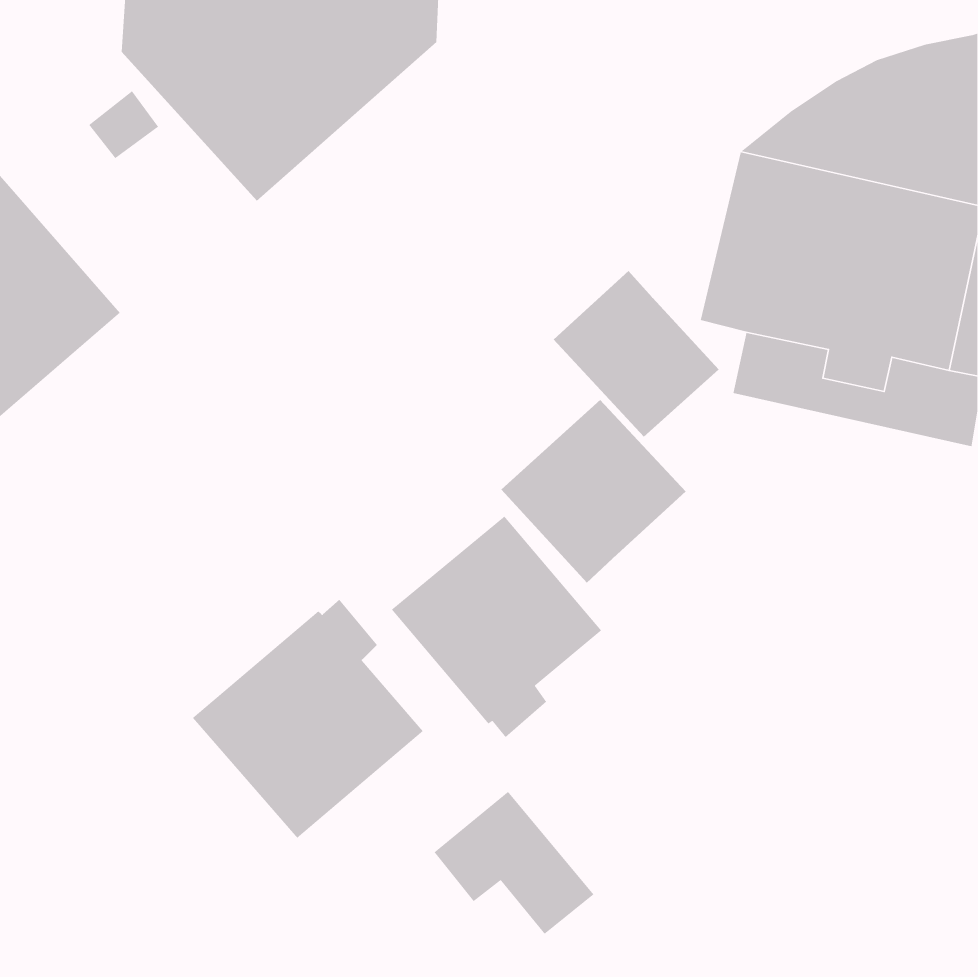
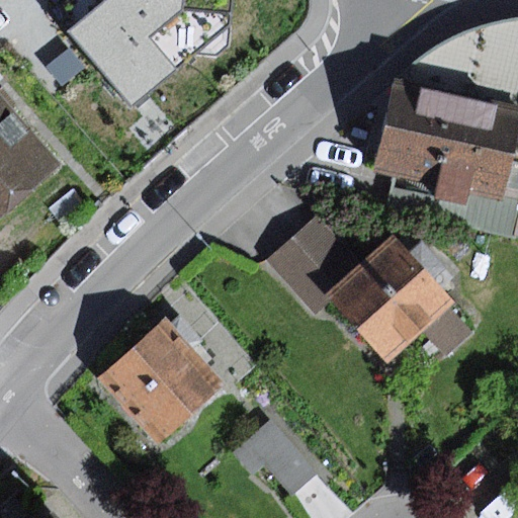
building: [553,270,719,437] -> none
building: none -> [324,232,470,358]
building: [391,516,602,738] -> none

